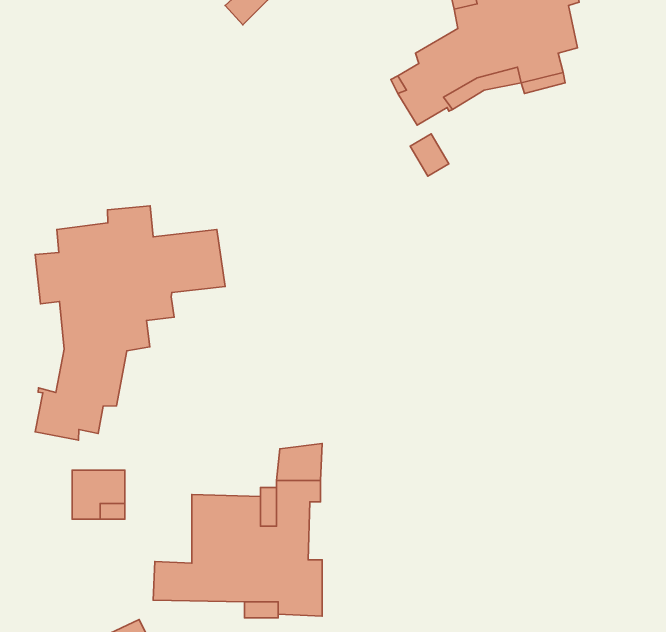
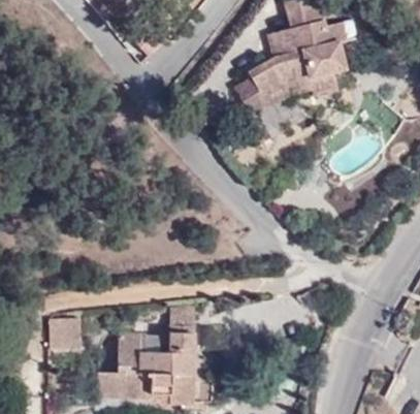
building: [35,206,225,440] -> none

